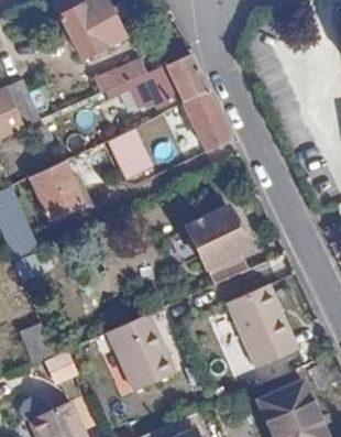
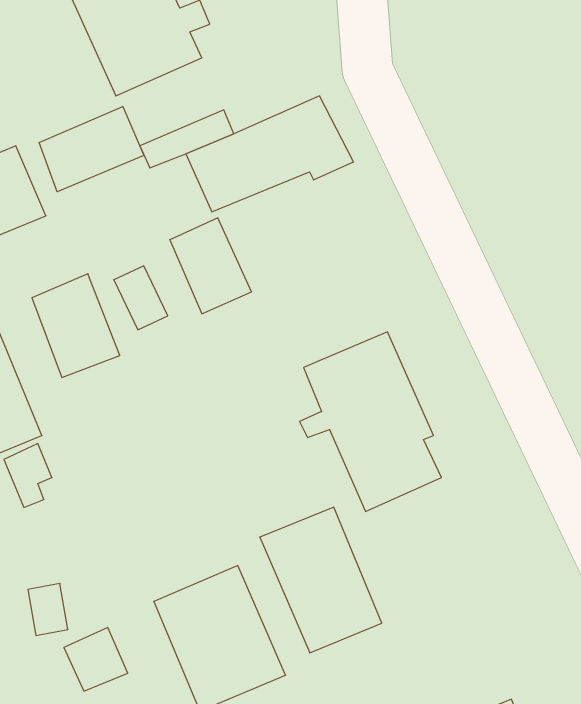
building: none -> [39,106,144,192]
building: [187,91,229,146] -> none
building: [226,289,293,370] -> [260,507,382,653]

